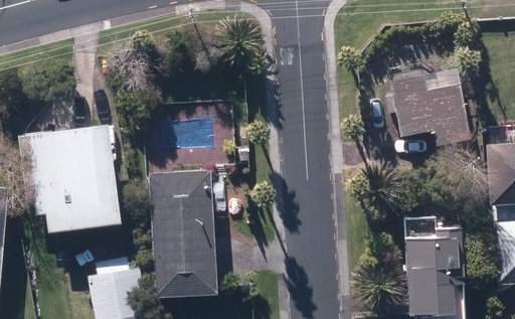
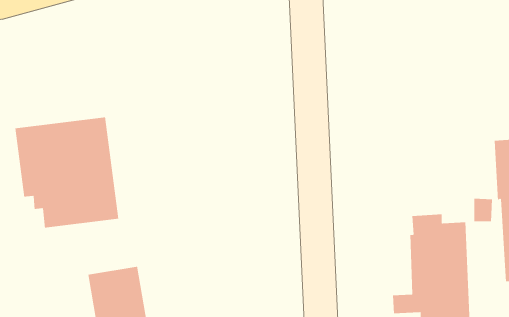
building: [387,69,470,145] -> none
building: [150,171,217,297] -> none

